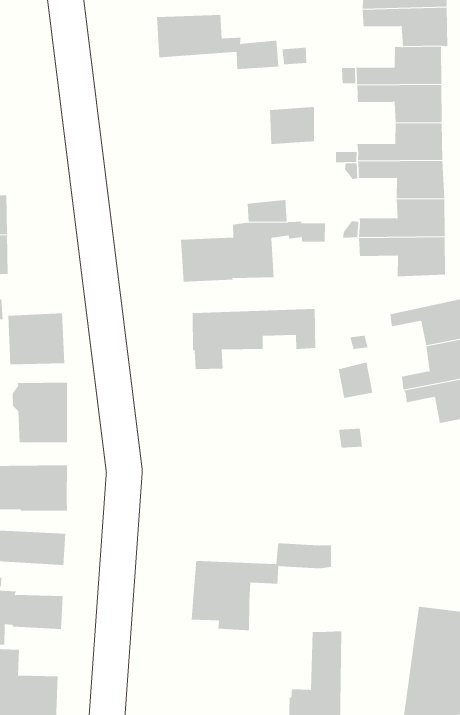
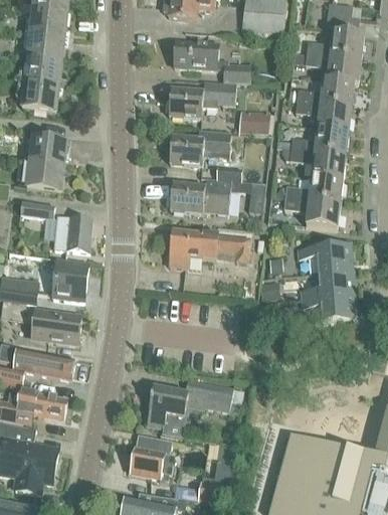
building: none -> [169,80,235,118]
building: none -> [169,130,231,165]
building: none -> [130,434,172,482]

